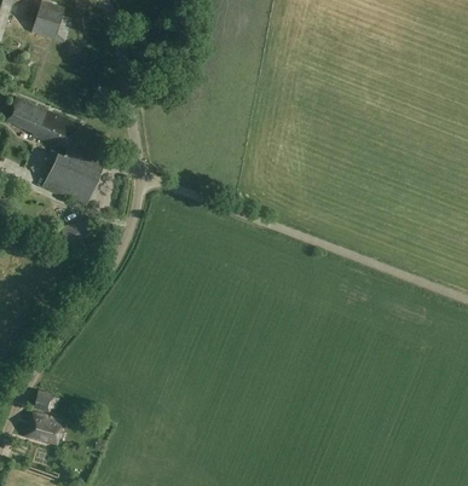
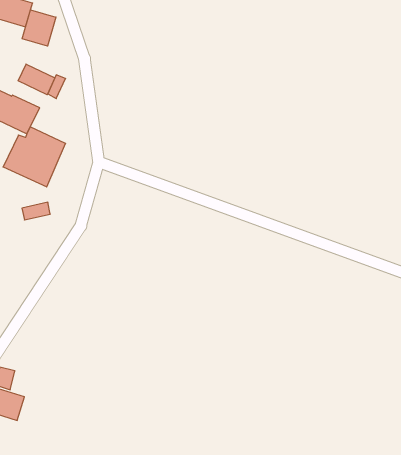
building: none -> [22,10,56,46]
building: none -> [18,64,55,95]

